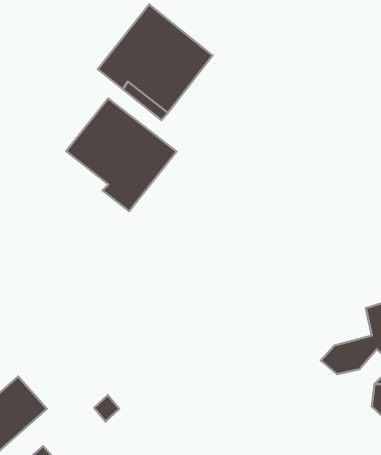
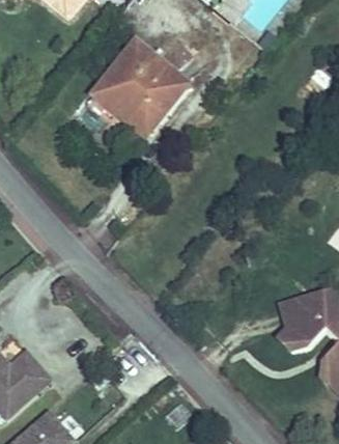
building: [66,98,177,211] -> none
building: none -> [280,295,320,328]

